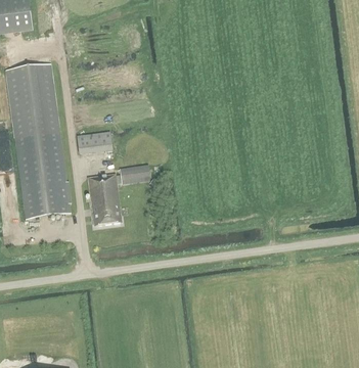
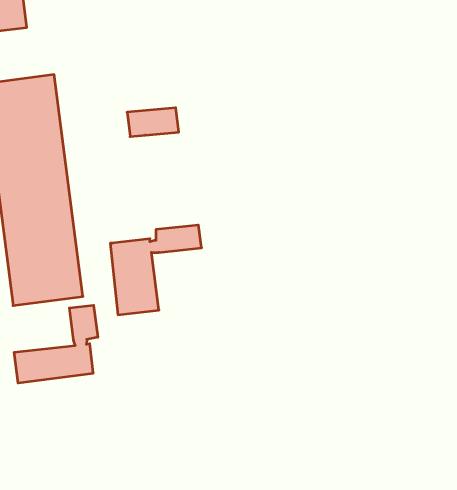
building: [78,131,113,150] -> [127,108,179,137]
building: none -> [14,305,98,383]

